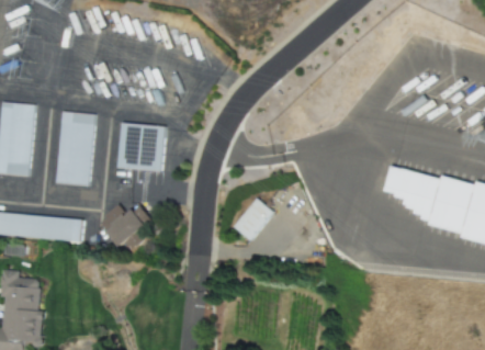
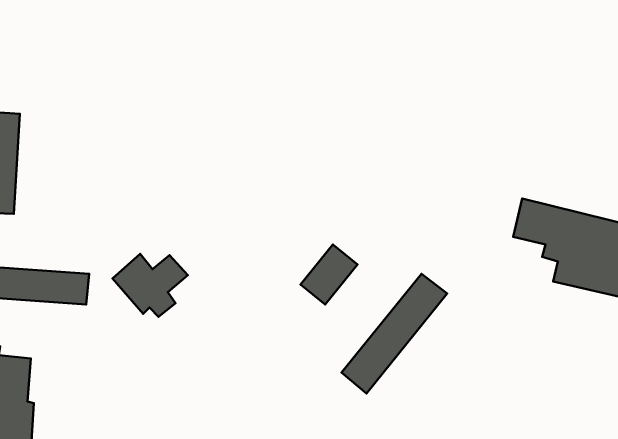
building: [54,111,94,185] -> none
building: [119,123,163,171] -> none
building: none -> [342,274,447,393]

